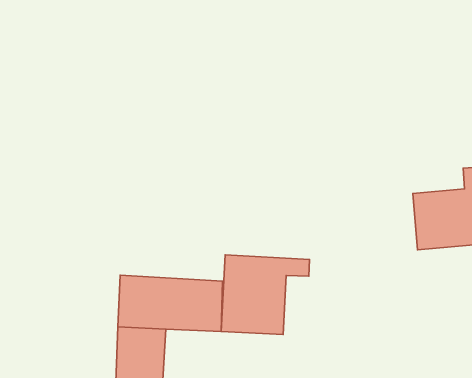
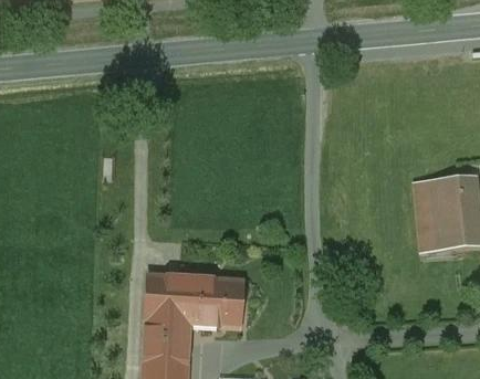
building: none -> [416,176,465,199]
building: [221,255,309,334] -> none

